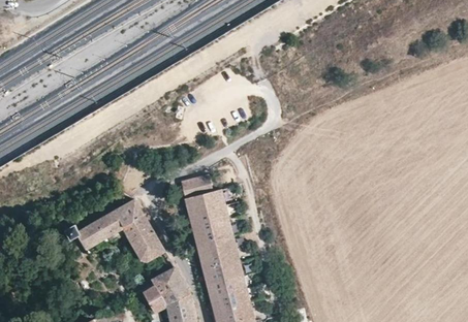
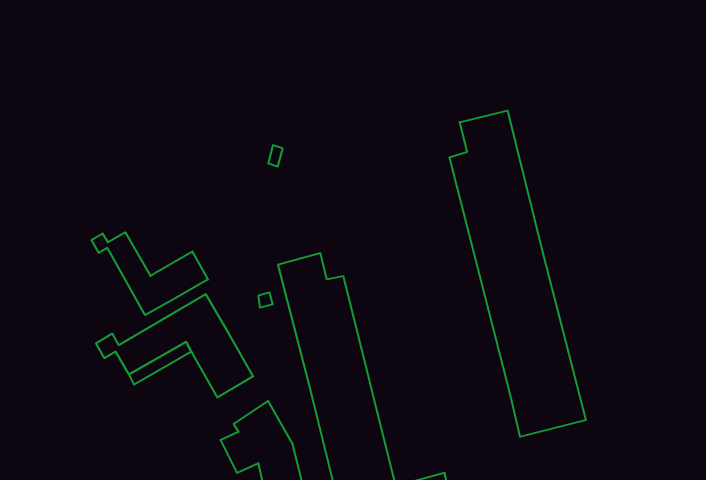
building: none -> [449,111,586,437]
building: none -> [92,232,208,315]

